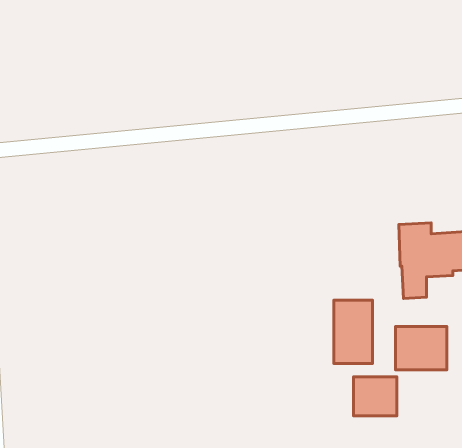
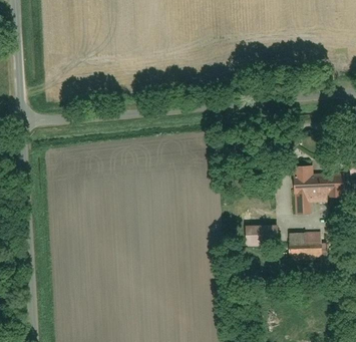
building: [353,377,397,416] -> none

